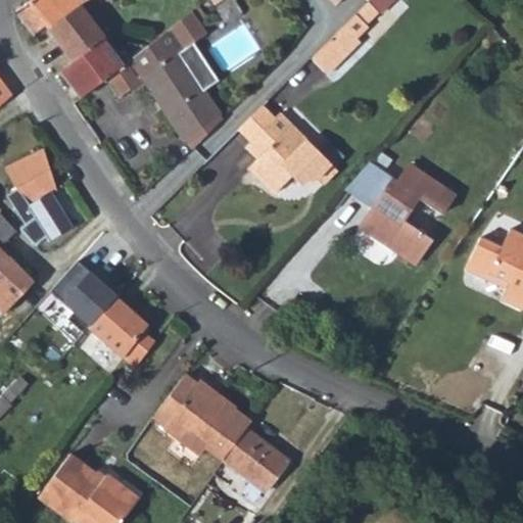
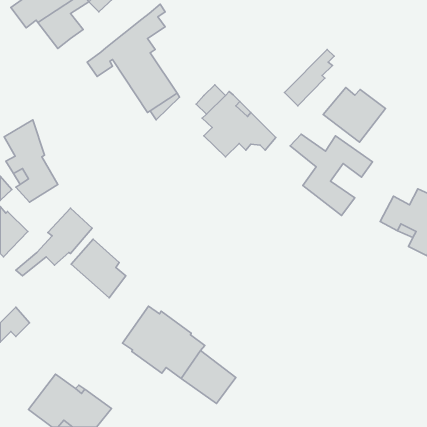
building: [312,4,372,73] -> [285,50,334,106]
building: [59,36,125,96] -> none
building: none -> [323,88,386,142]

